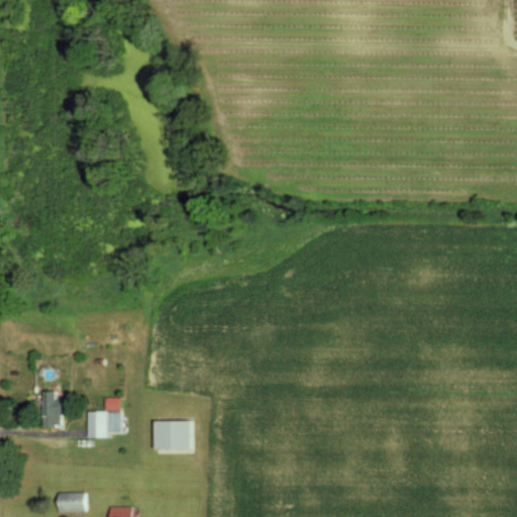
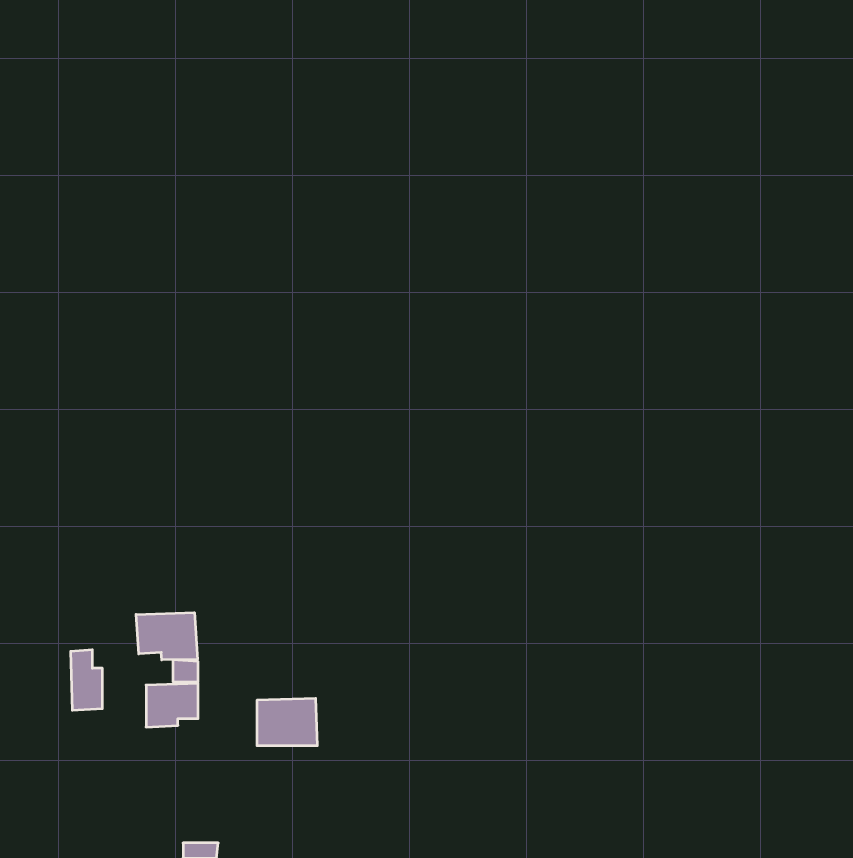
building: none -> [136,613,197,660]
building: [58,492,85,512] -> none

